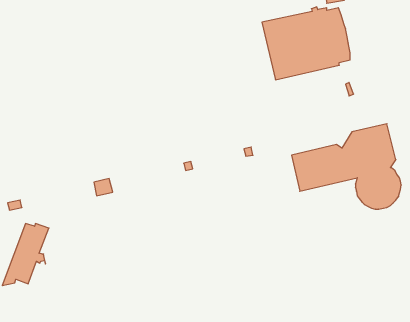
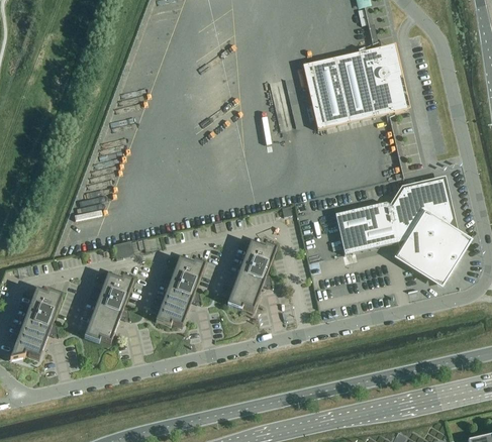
building: none -> [226,240,276,309]
building: none -> [155,256,204,325]
building: none -> [83,272,132,341]

